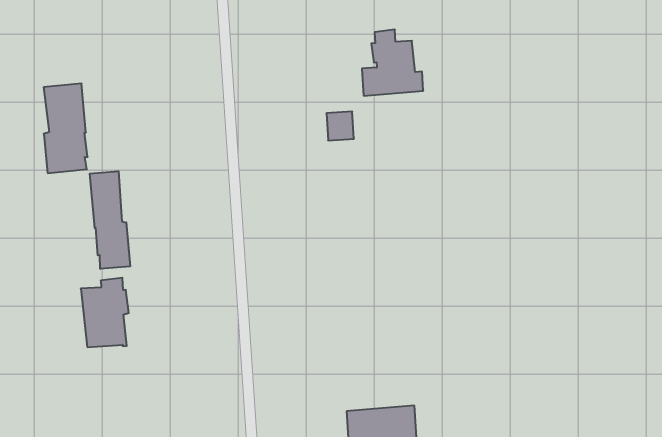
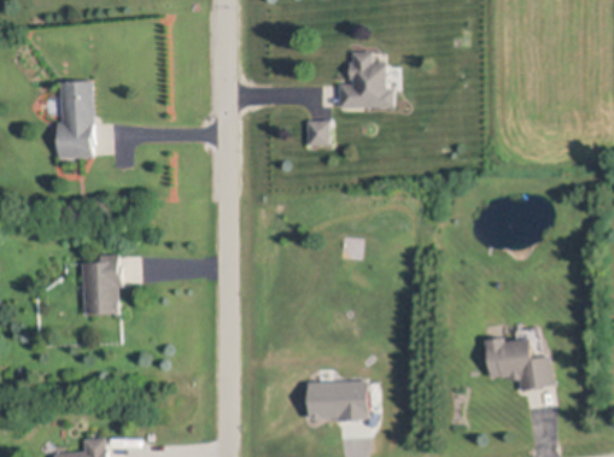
building: [90,171,130,269] -> none
building: none -> [483,328,551,392]

